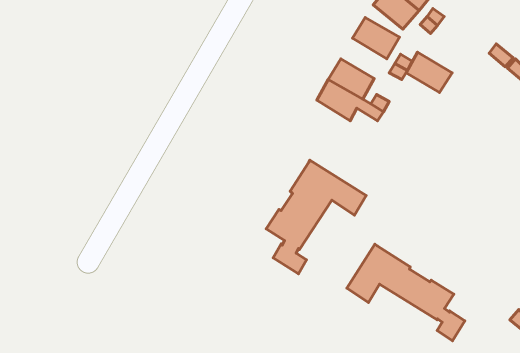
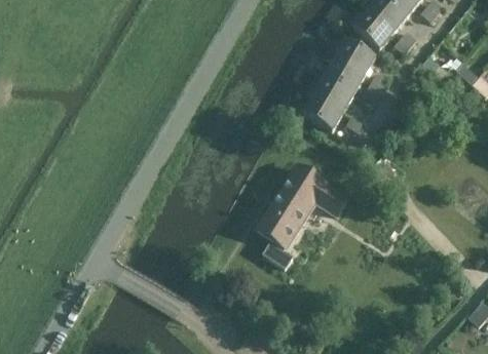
building: [406,52,452,92] -> [323,57,364,93]
building: [347,244,465,341] -> none

